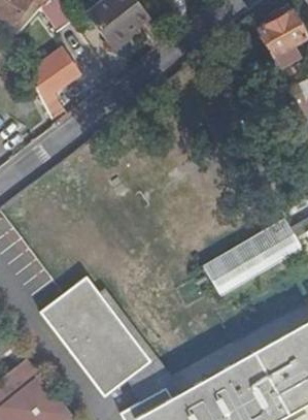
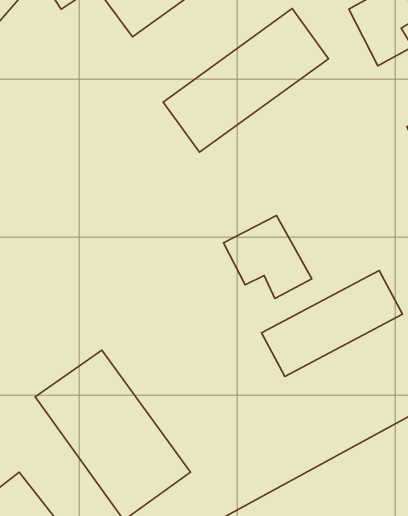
building: none -> [163,9,328,152]
building: [31,54,77,127] -> none
building: none -> [223,216,312,299]

